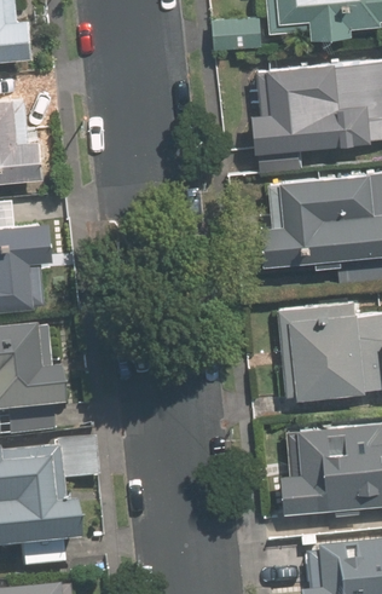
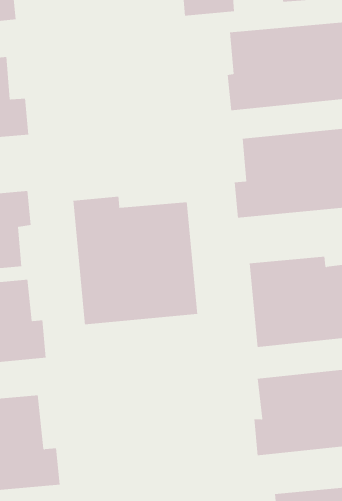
building: none -> [73,196,198,325]

